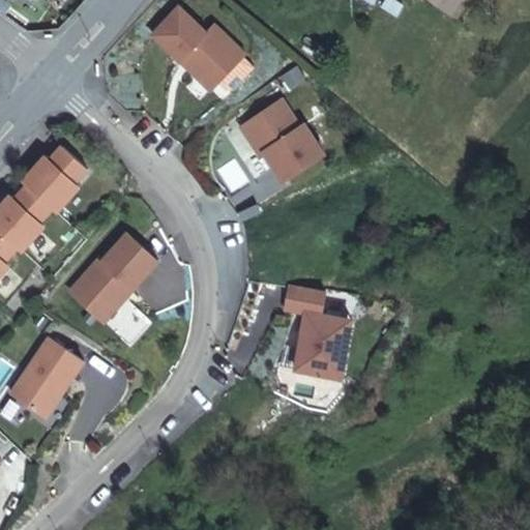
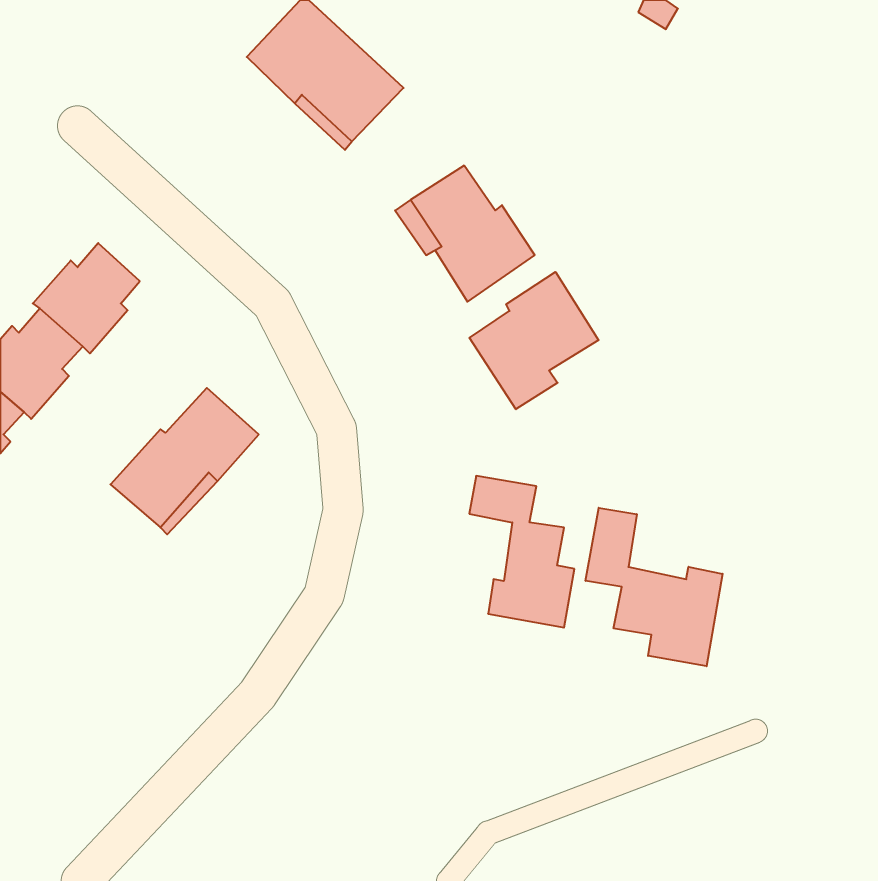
building: none -> [469,272,599,409]
building: none -> [586,508,723,666]
building: [10,337,83,417] -> none

